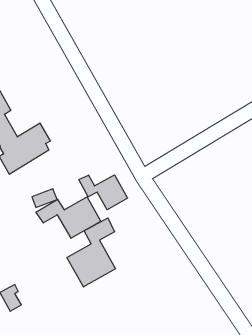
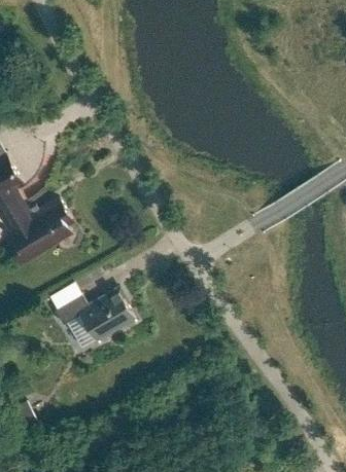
building: [79,175,128,210] -> none
building: [67,218,115,287] -> none

